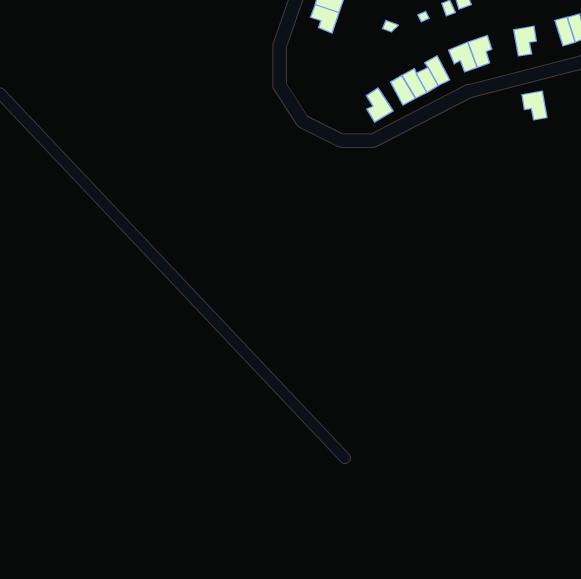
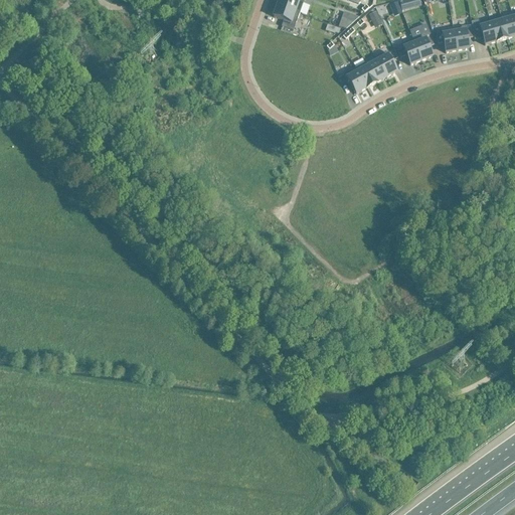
building: none -> [473,18,498,43]
building: [366,88,393,122] -> none
building: [522,91,547,120] -> [437,26,459,51]

